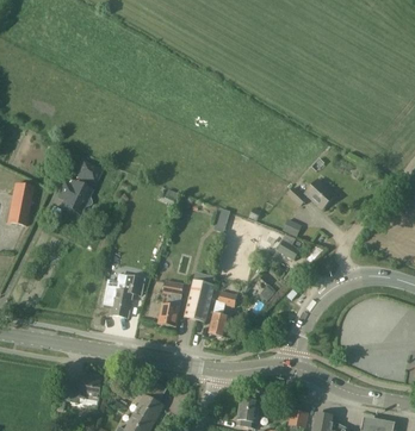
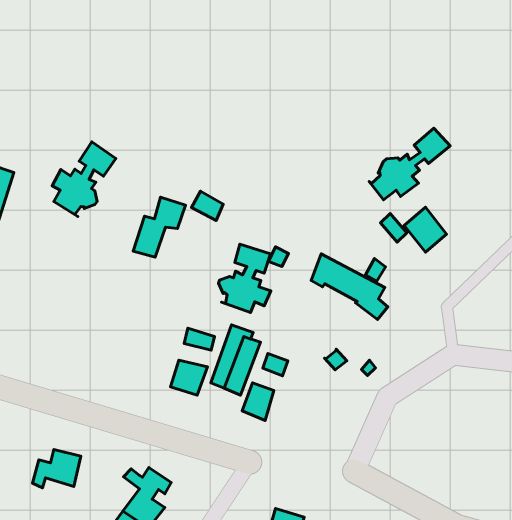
building: none -> [369,128,450,200]
building: none -> [219,244,271,313]
building: [112,275,144,317] -> [133,197,185,257]

